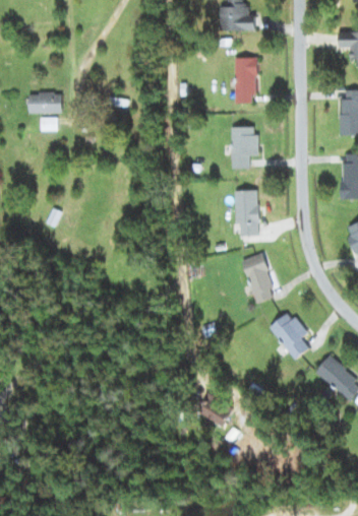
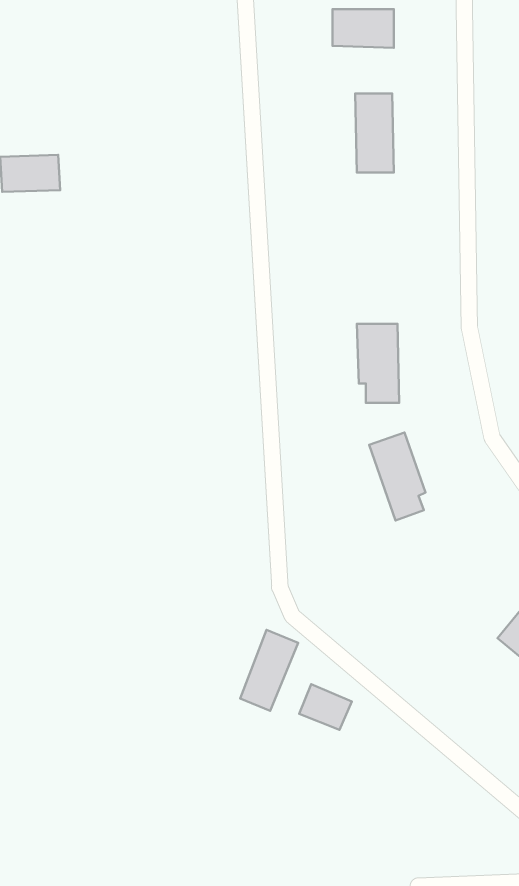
building: [231,126,256,168] -> none
building: [268,311,309,360] -> none
building: none -> [240,630,298,711]

